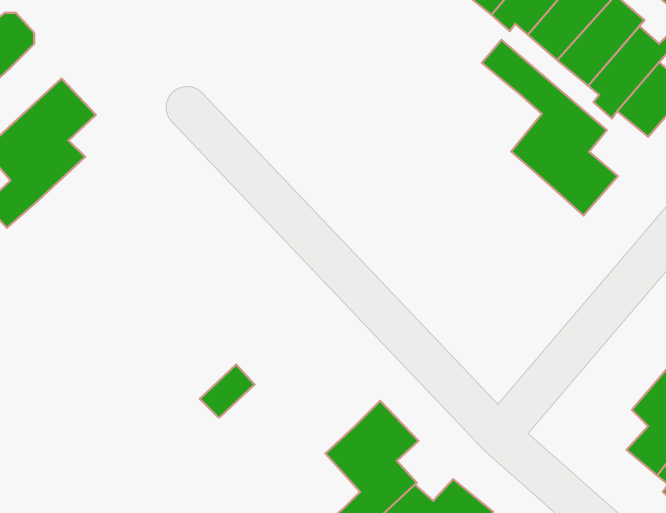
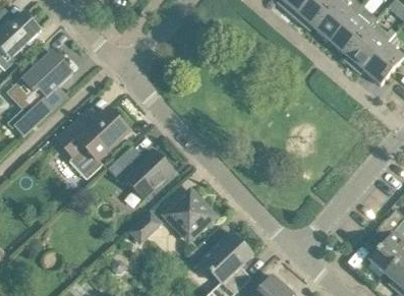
building: [482,40,618,215] -> none
building: none -> [59,109,130,178]
building: none -> [109,145,175,198]
building: none -> [167,191,214,238]

